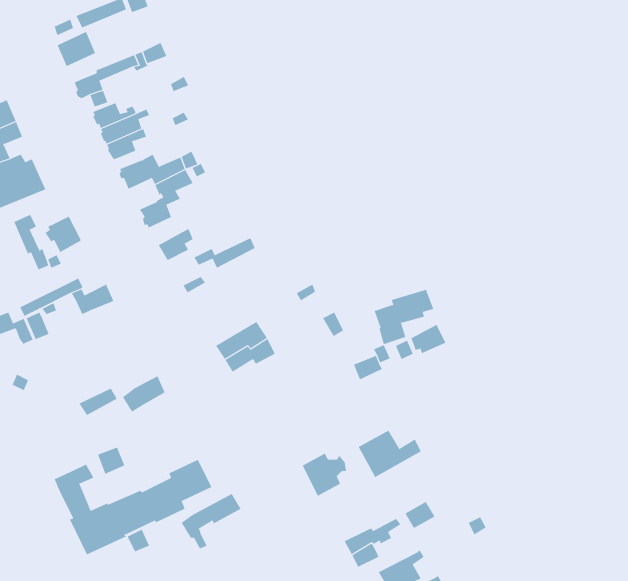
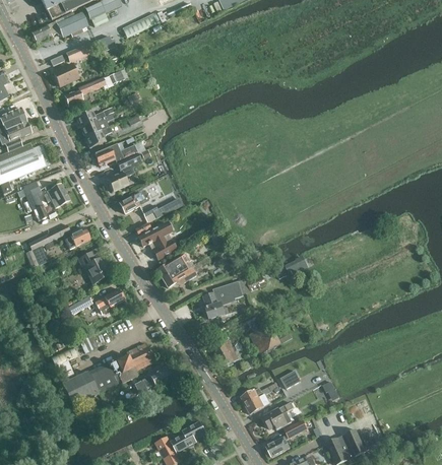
building: none -> [138,221,176,258]
building: [374,289,434,345] -> [203,281,243,318]
building: none -> [78,251,110,282]

